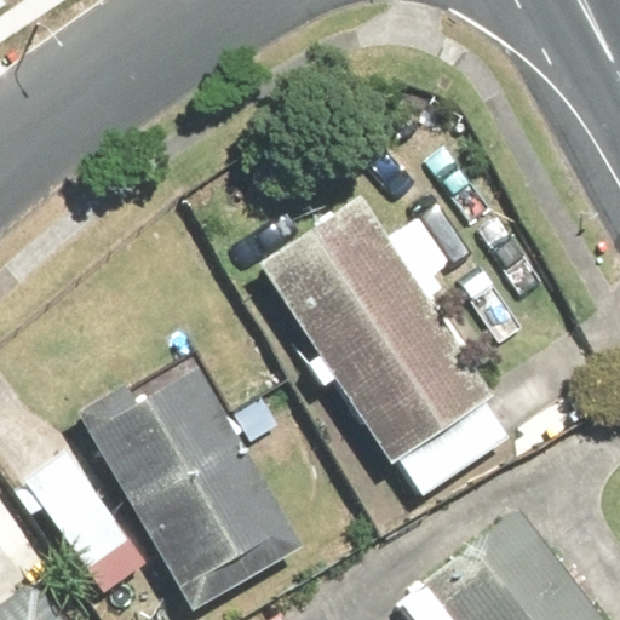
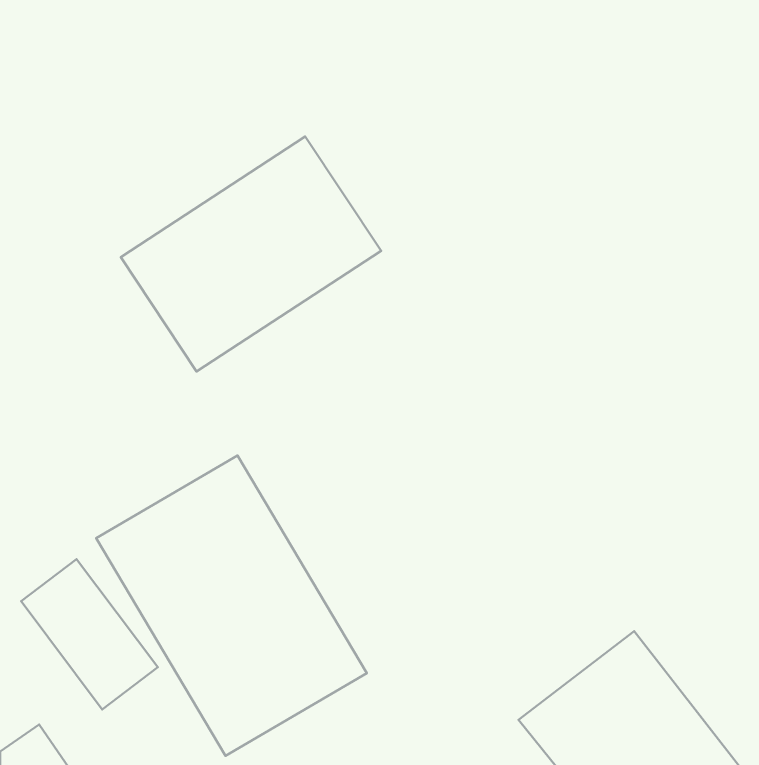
building: none -> [121,136,381,372]
building: [262,199,493,463] -> none

